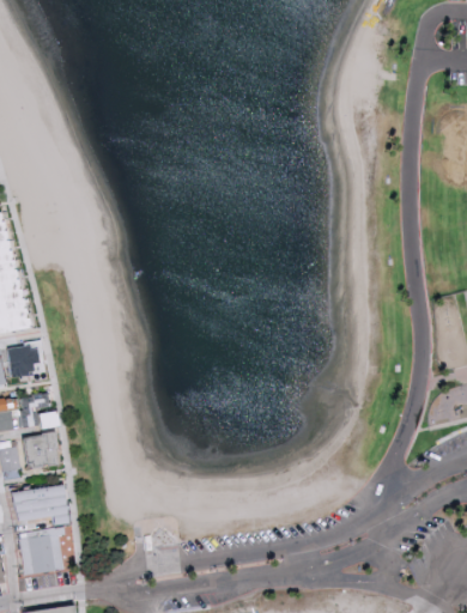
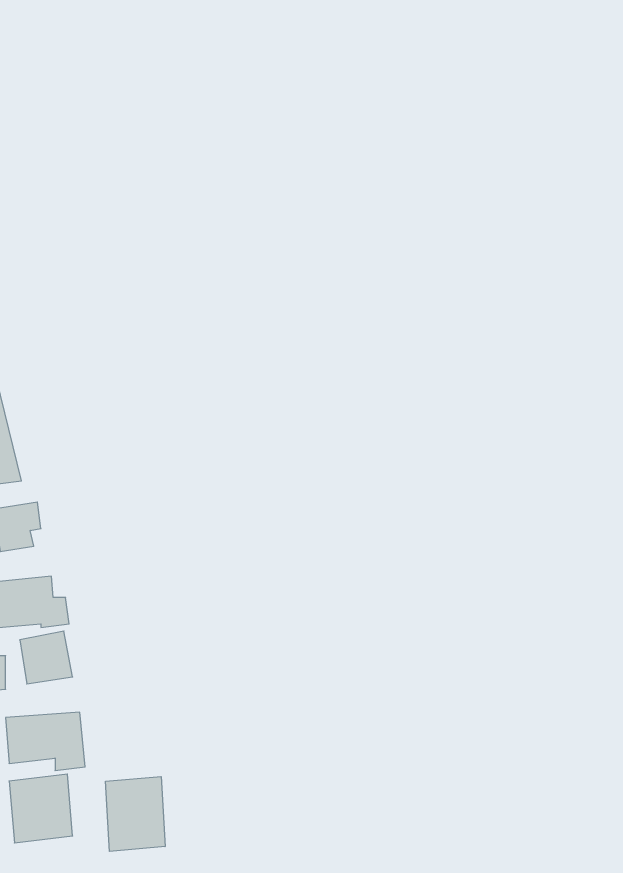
building: none -> [106,777,165,851]

